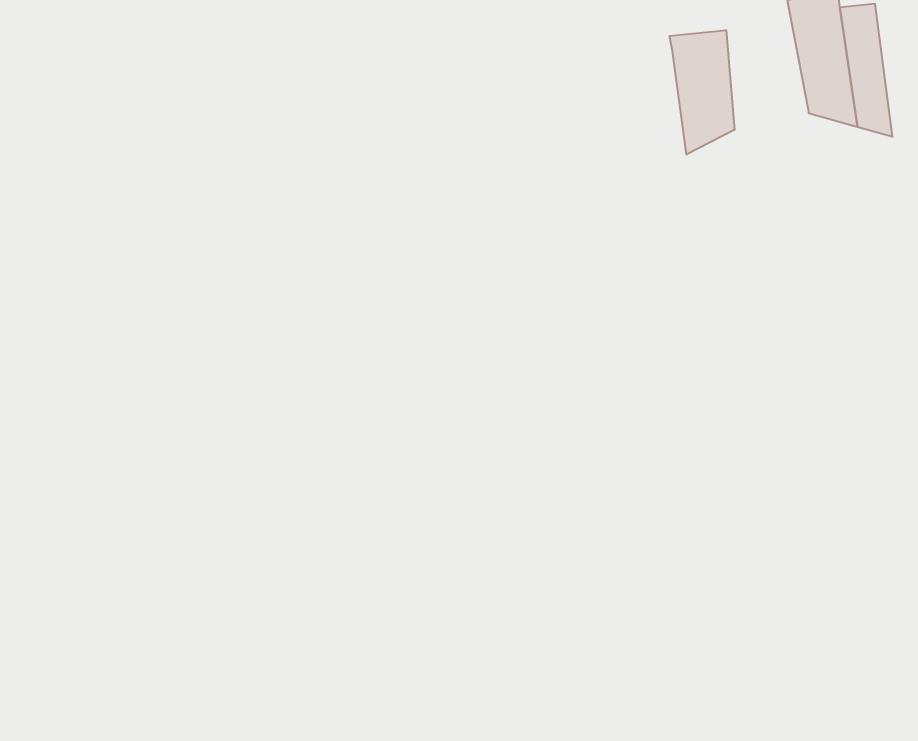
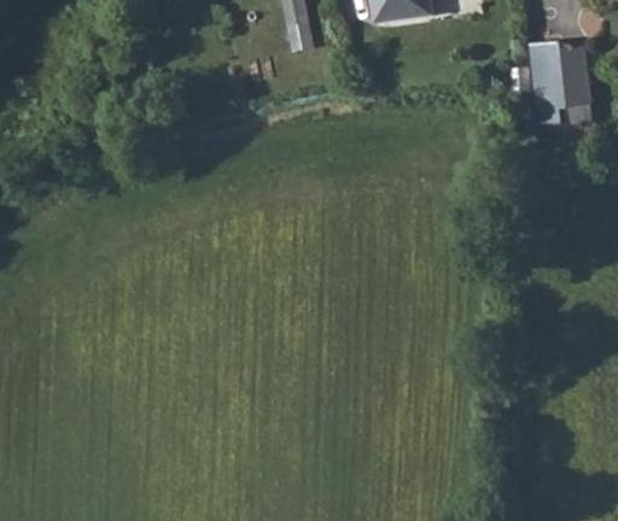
building: [670,30,735,155] -> none

